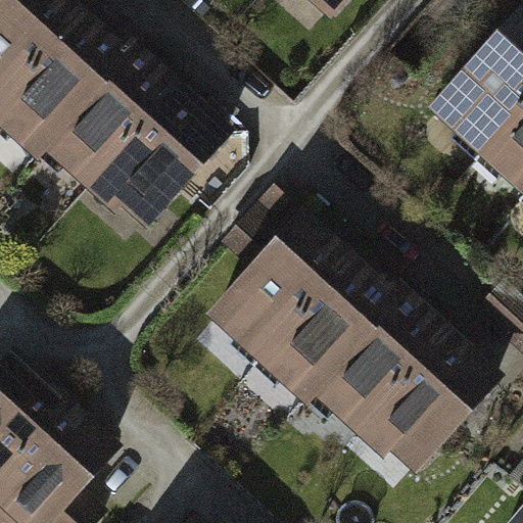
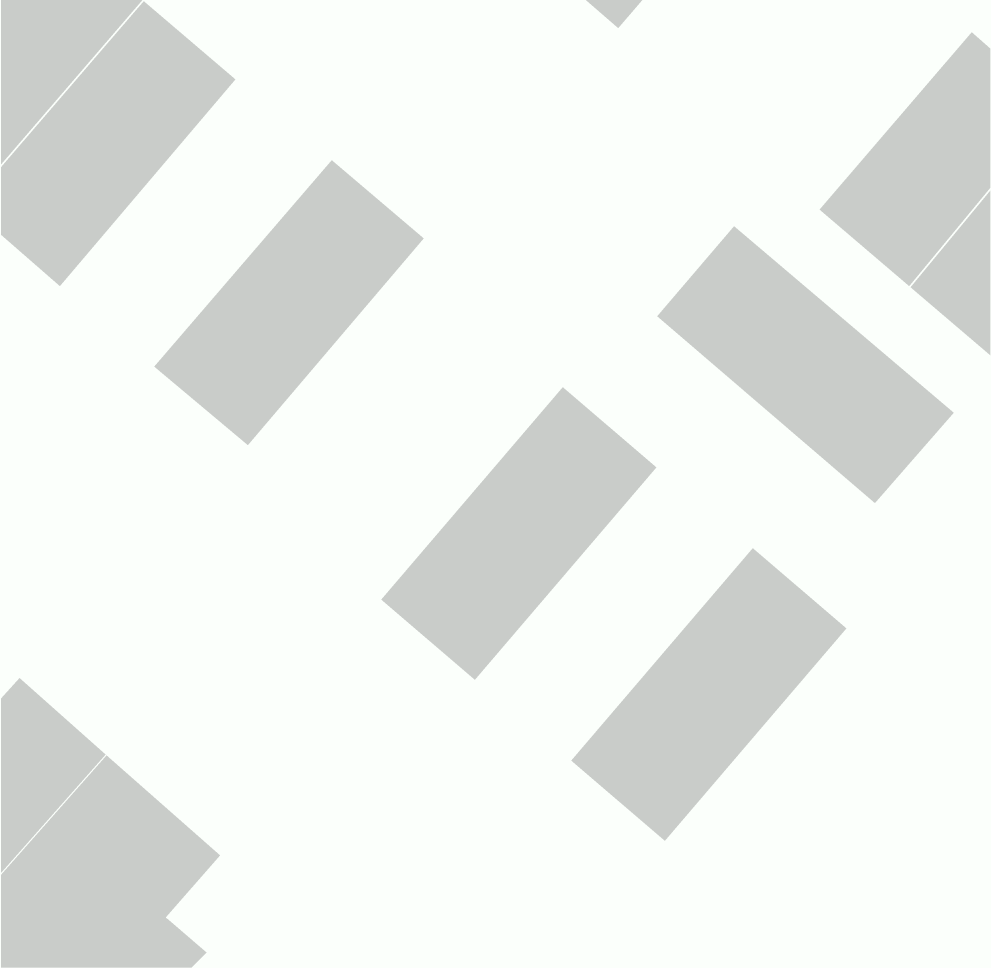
building: [32,42,175,193] -> none
building: none -> [656,225,955,504]
building: [250,246,396,400] -> none
building: [350,331,496,486] -> none

